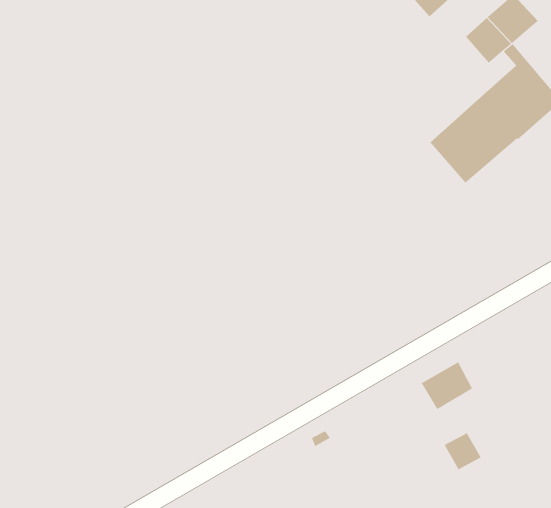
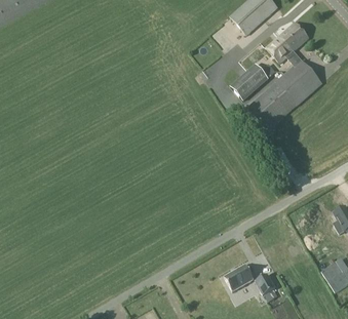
building: none -> [232,63,269,99]
building: [421,362,473,410] -> [225,263,255,290]

